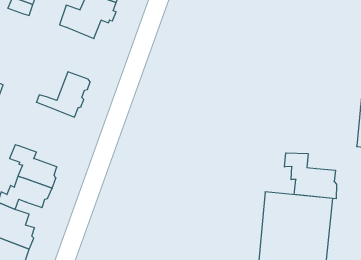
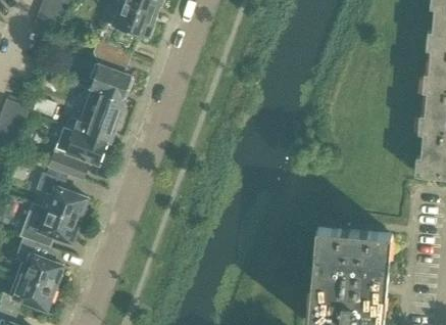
building: none -> [89,43,133,100]
building: none -> [46,126,107,181]
building: [285,153,337,199] -> none

